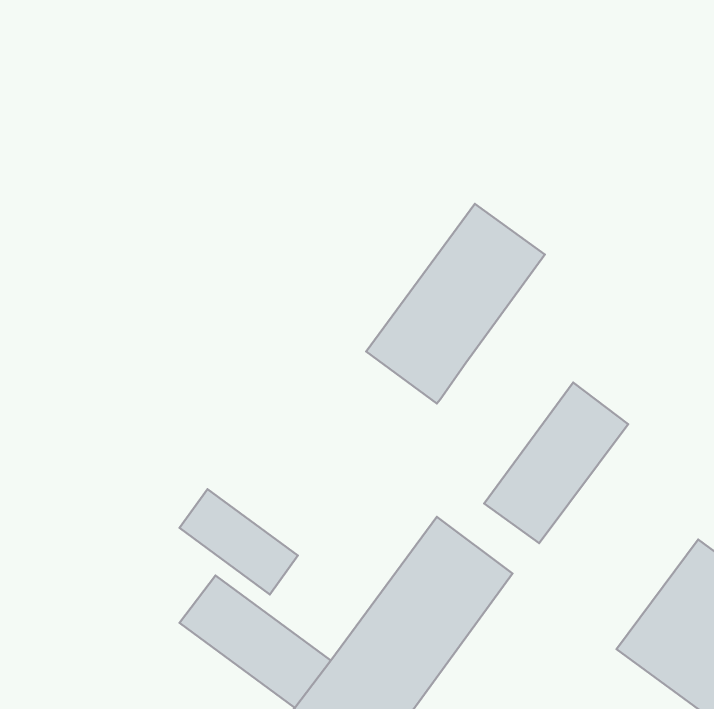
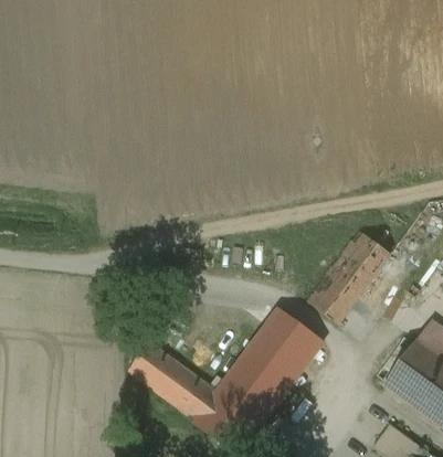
building: [366,204,545,403] -> none
building: [180,489,298,594] -> none

